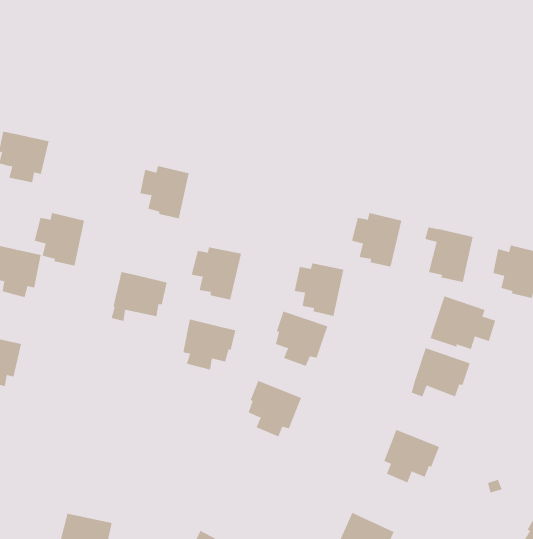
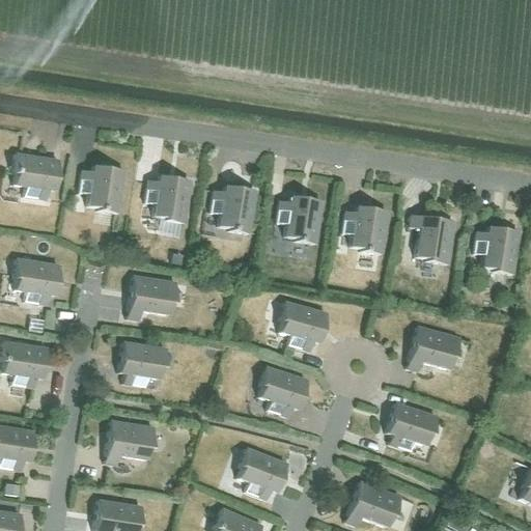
building: [34,213,85,266] -> [80,165,125,213]
building: [191,247,242,300] -> [212,186,257,233]
building: [294,263,344,316] -> [278,196,323,244]
building: [430,296,496,350] -> none
building: [183,319,236,370] -> [119,341,167,387]
building: none -> [106,420,155,465]
building: none -> [239,448,288,500]

